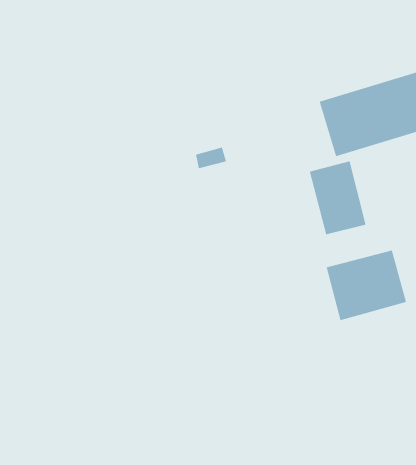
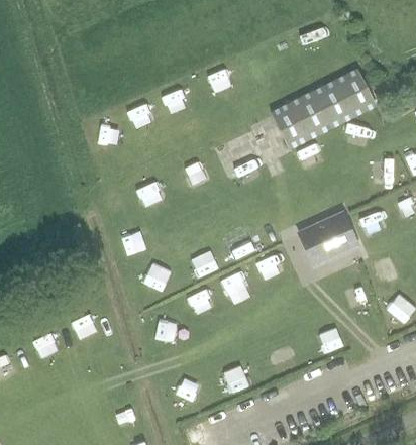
building: [309,160,366,235] -> none

